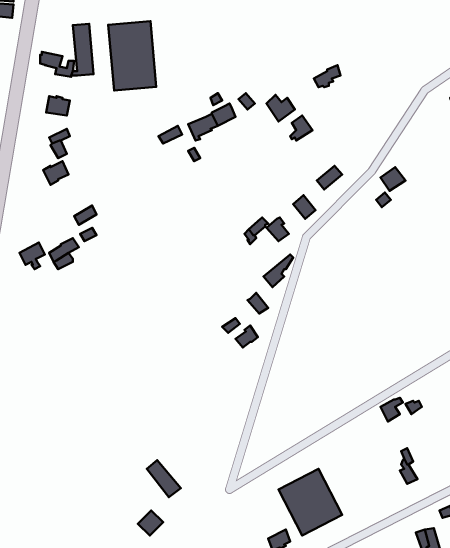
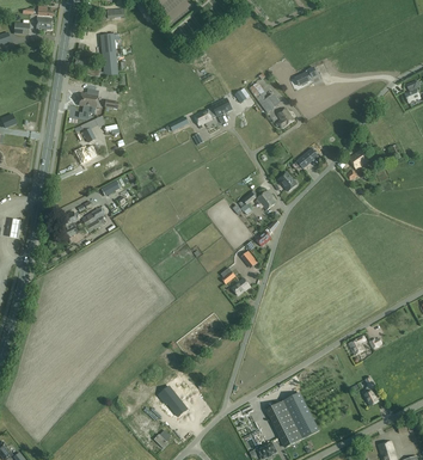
building: [108,21,156,90] -> none

